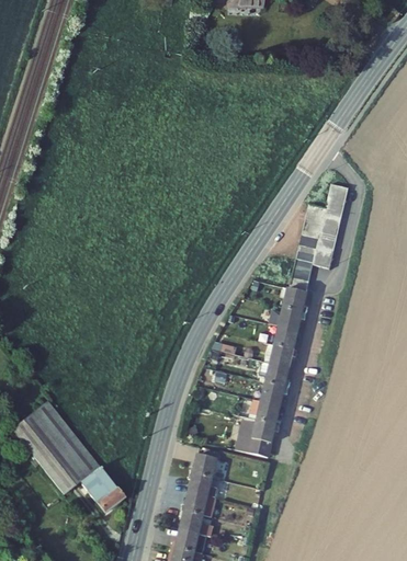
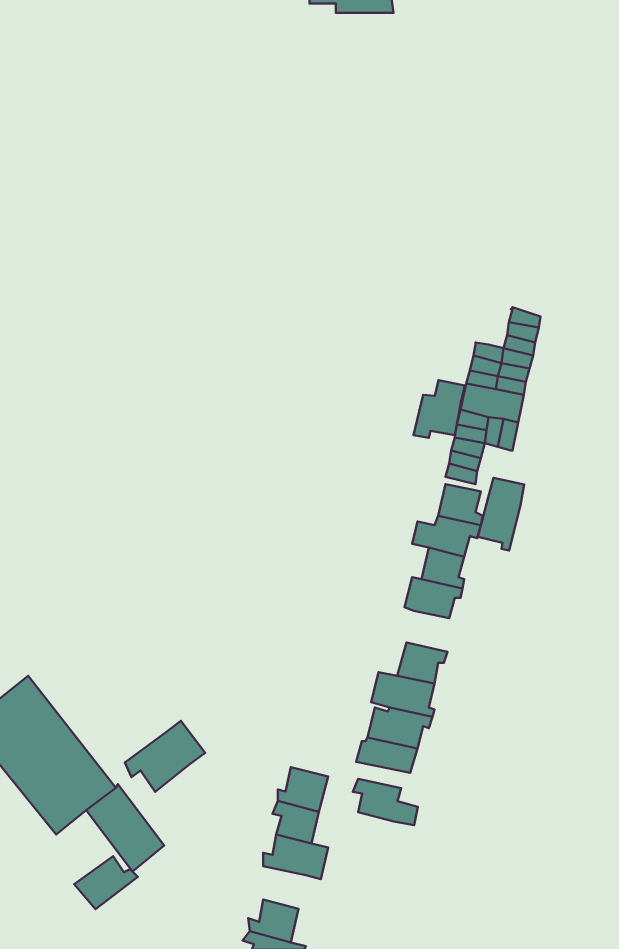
building: none -> [413,380,465,438]
building: none -> [478,478,524,551]
building: [267,359,292,383] -> none
building: none -> [125,721,205,792]
building: none -> [74,856,138,909]
building: [179,510,217,537] -> [353,779,418,825]

